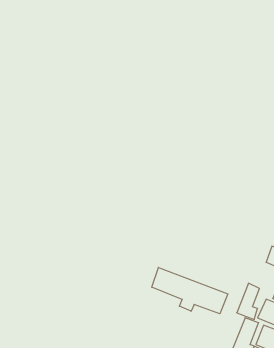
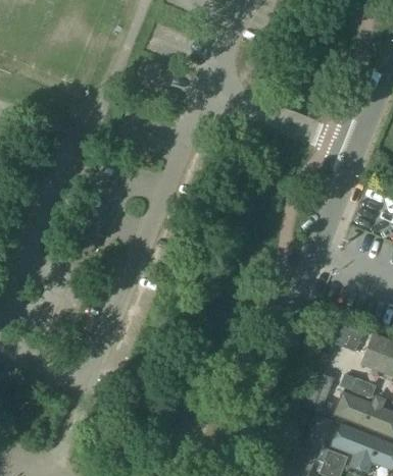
building: [152,267,228,314] -> none

